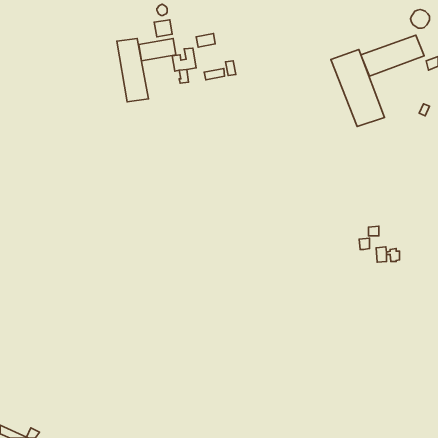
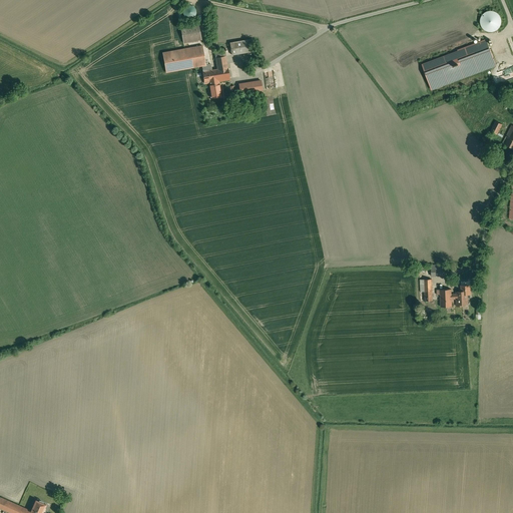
building: [117,39,149,102] -> none
building: [331,49,384,127] -> none

